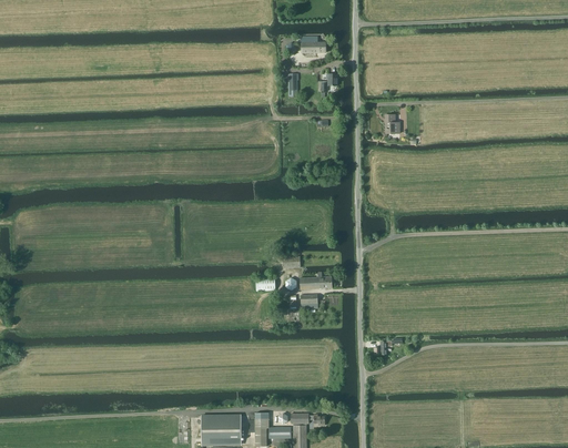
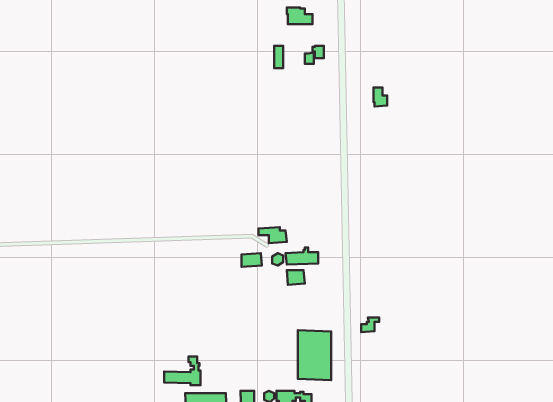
building: none -> [298,330,331,380]
building: none -> [164,357,201,385]

